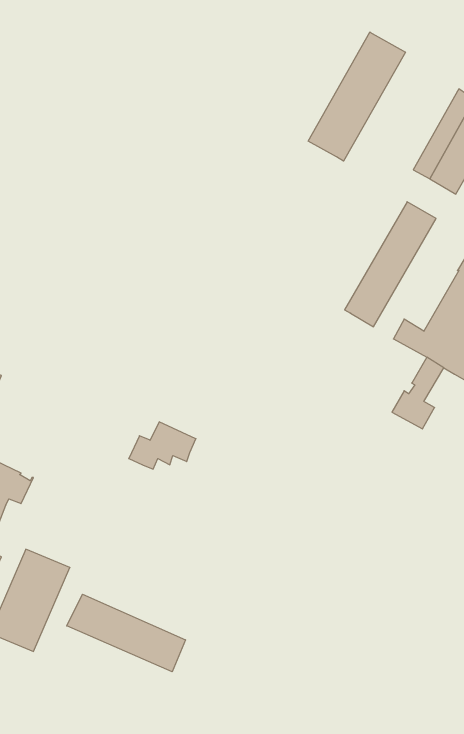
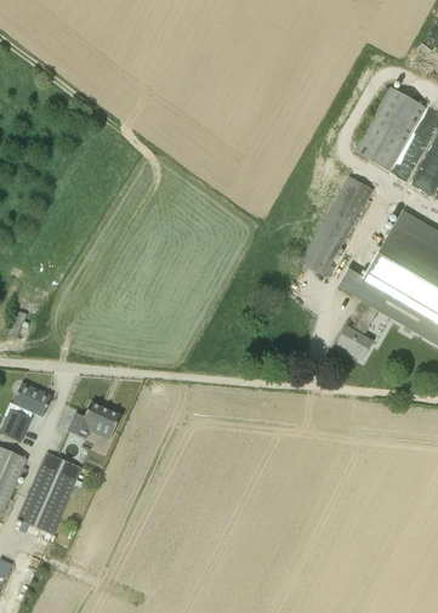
building: [308,32,405,161] -> none
building: [129,422,196,469] -> [67,402,120,439]
building: [67,594,185,672] -> none

